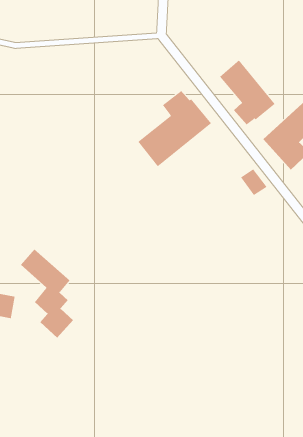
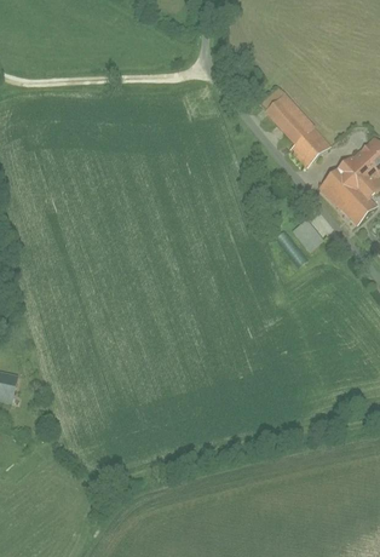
building: [137,90,212,167] -> none
building: [20,248,74,339] -> none

